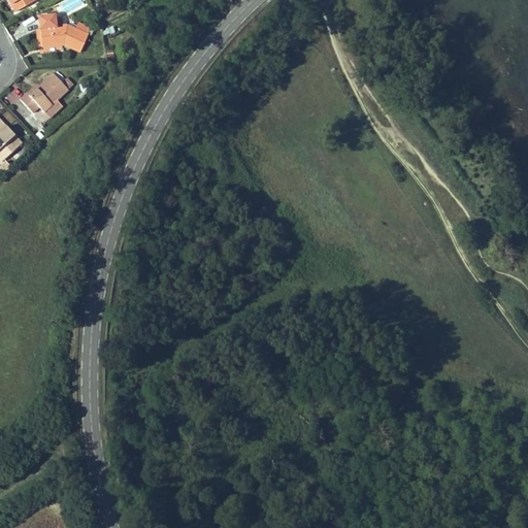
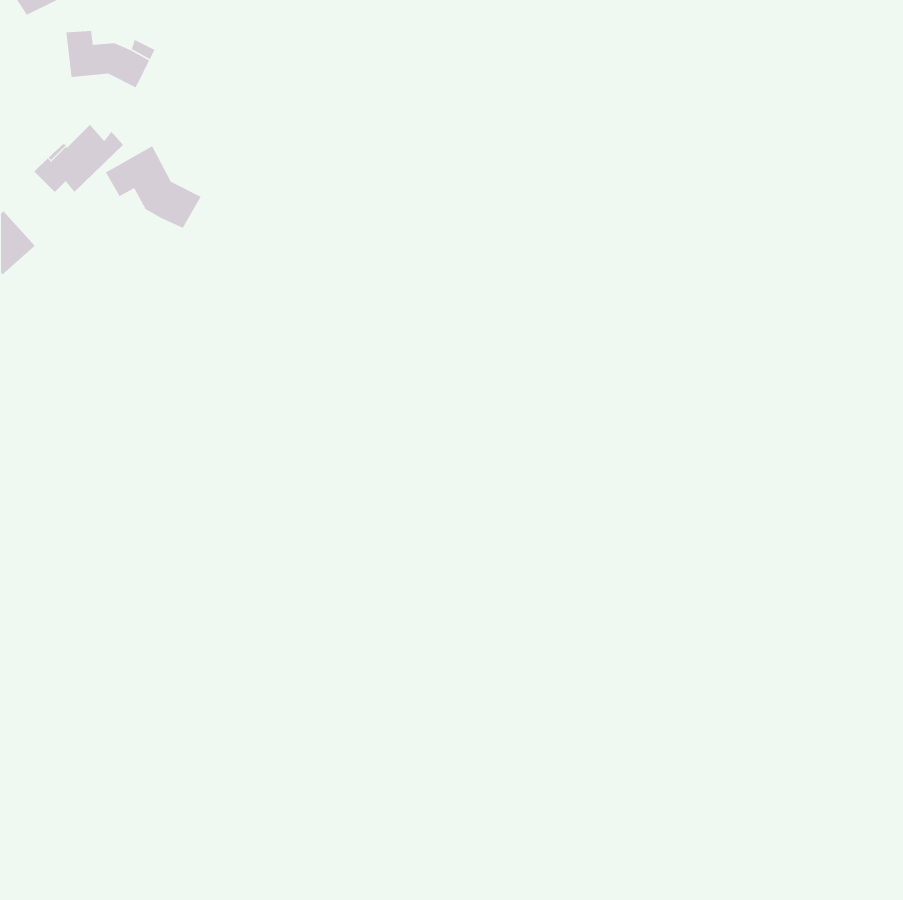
building: none -> [105,145,202,229]

